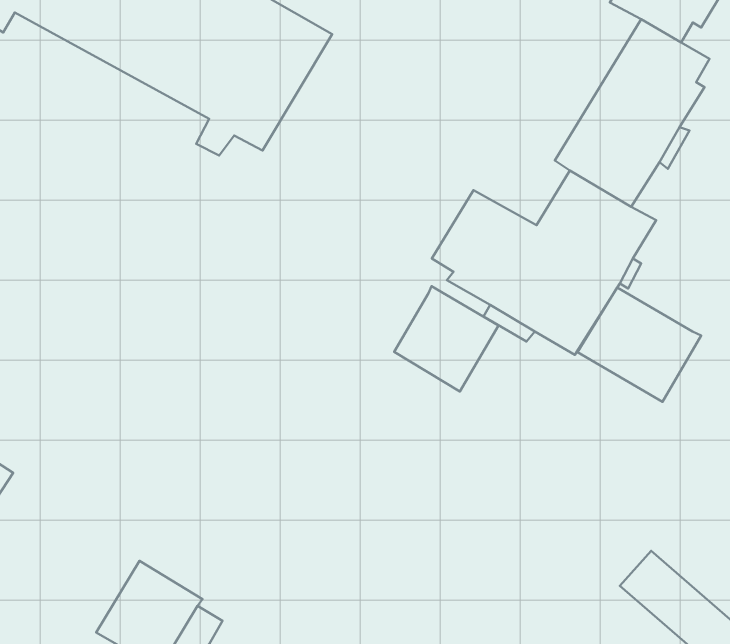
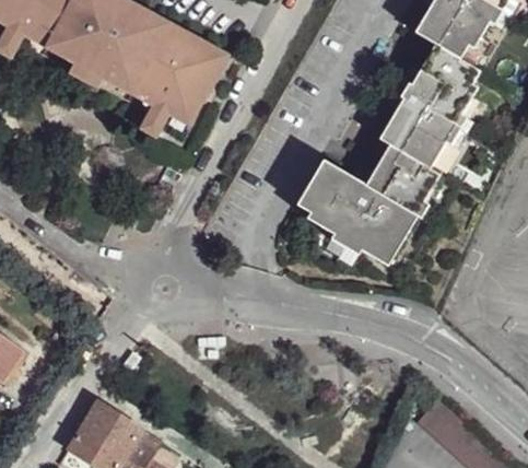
building: [394,286,498,392] -> none
building: [577,287,701,402] -> none

